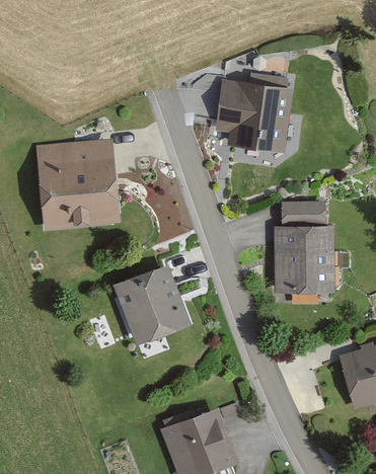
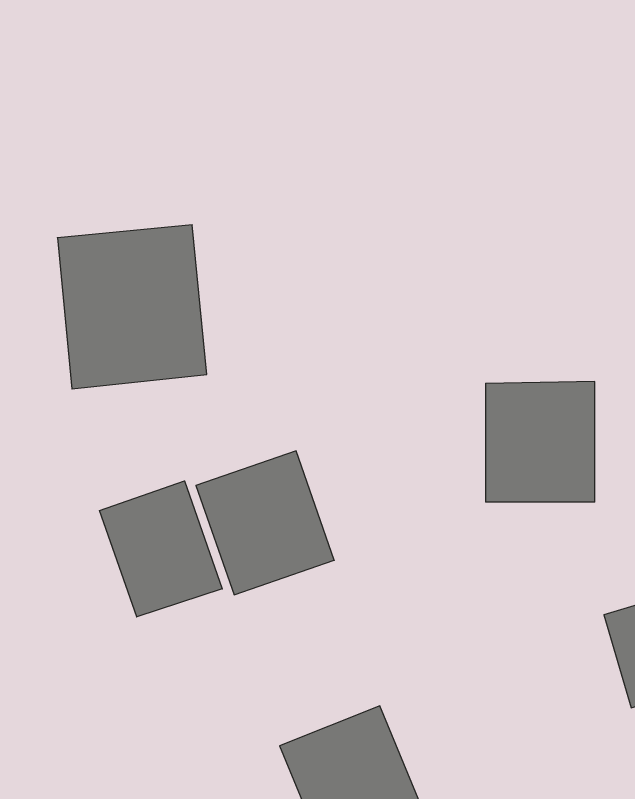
building: [215,73,292,152] -> none
building: [281,203,323,225] -> none
building: none -> [100,481,222,617]

